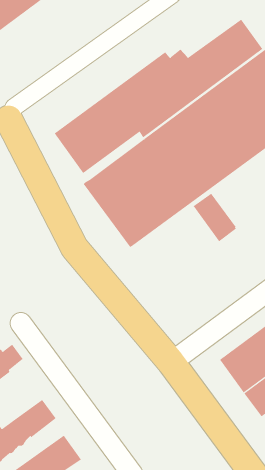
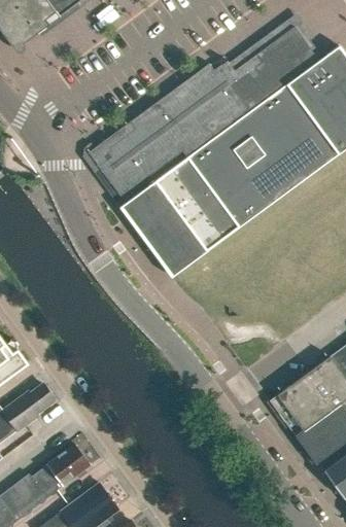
building: [193,193,237,242] -> none

